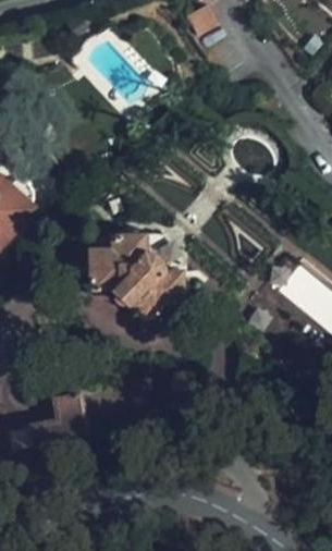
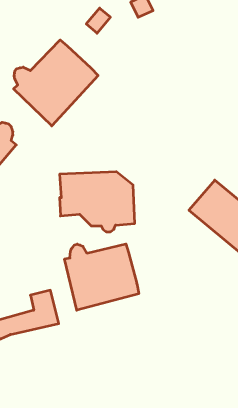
building: none -> [14,40,98,126]
building: none -> [65,244,139,310]

